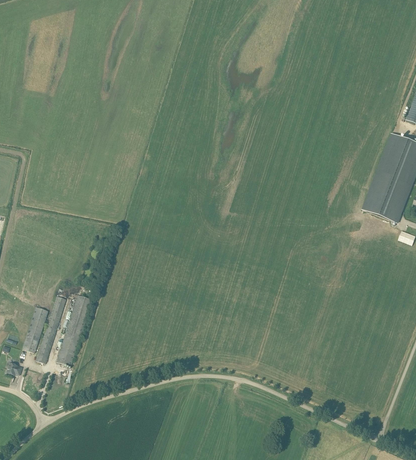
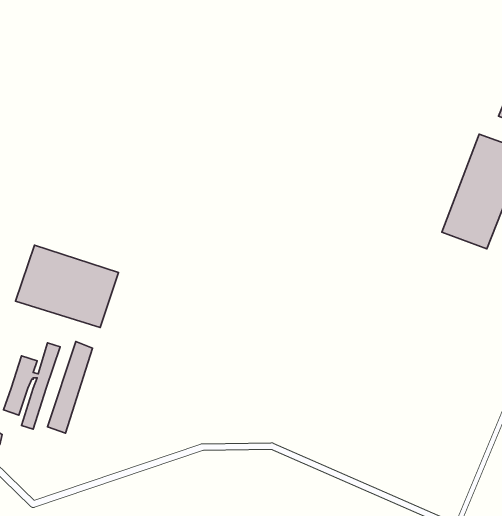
building: none -> [15,245,118,327]

